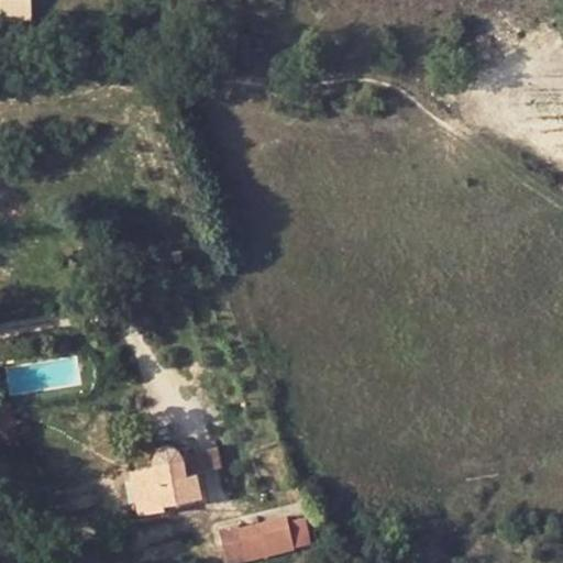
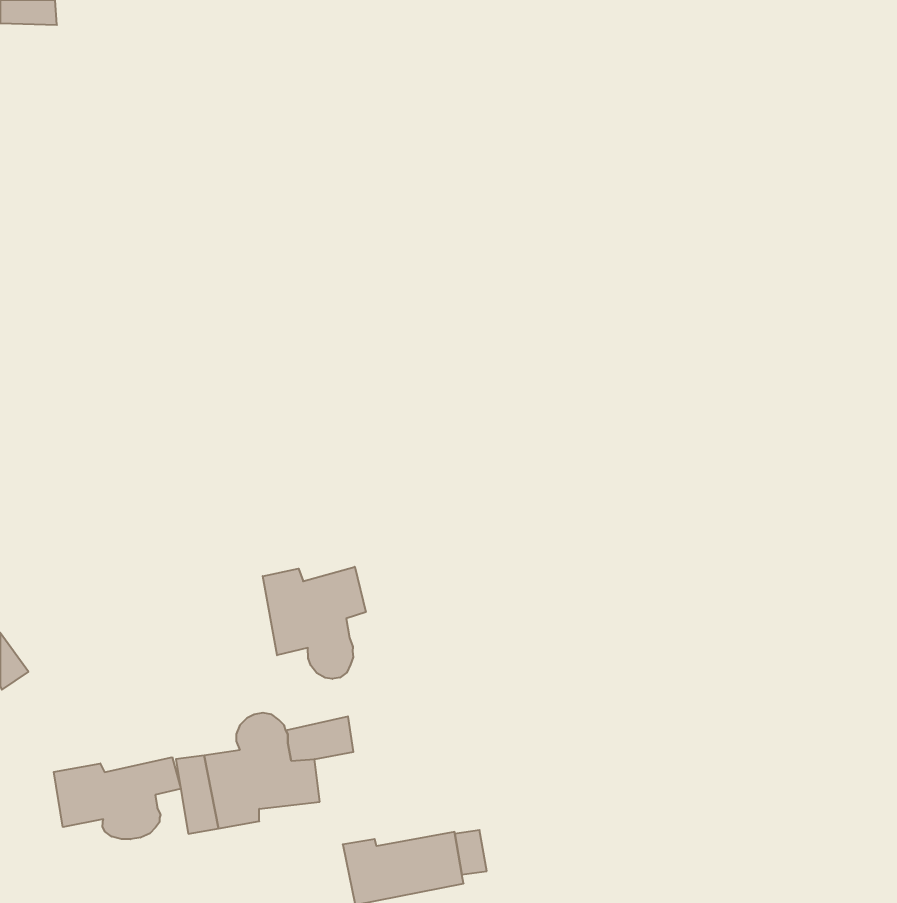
building: none -> [263,567,366,679]
building: none -> [54,757,181,839]

